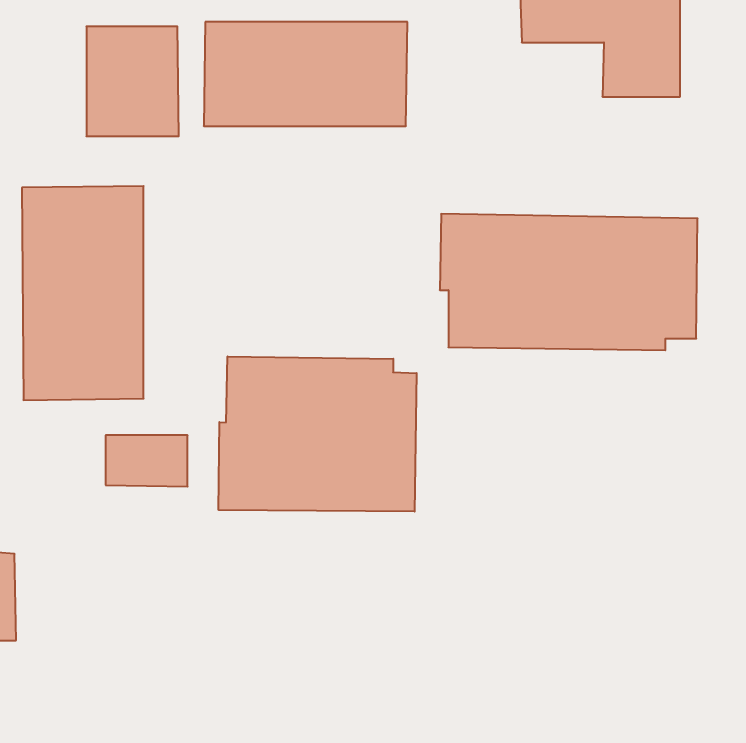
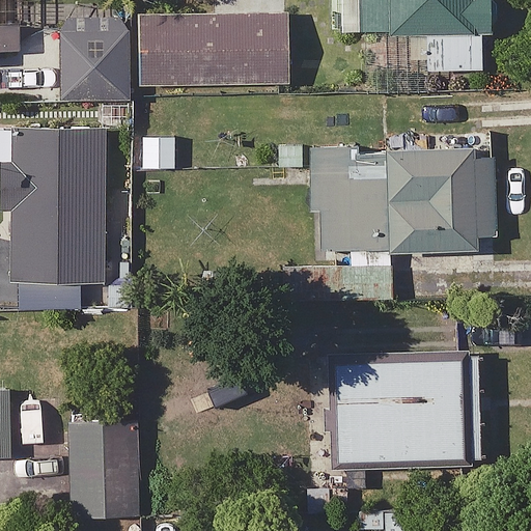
building: [219,356,417,512] -> none
building: none -> [336,357,480,462]
building: none -> [75,423,134,501]

